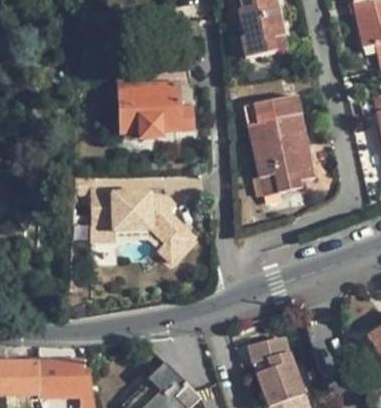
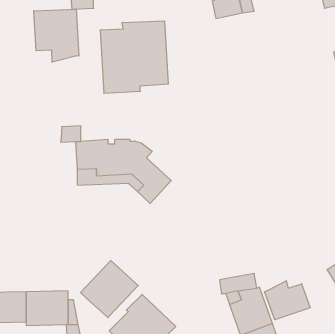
building: none -> [34,9,79,62]
building: [244,99,313,197] -> none
building: none -> [80,261,138,318]
building: none -> [265,281,310,320]

